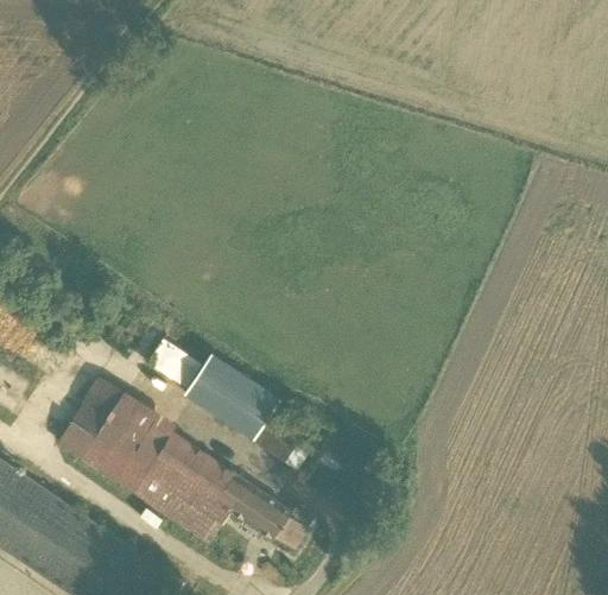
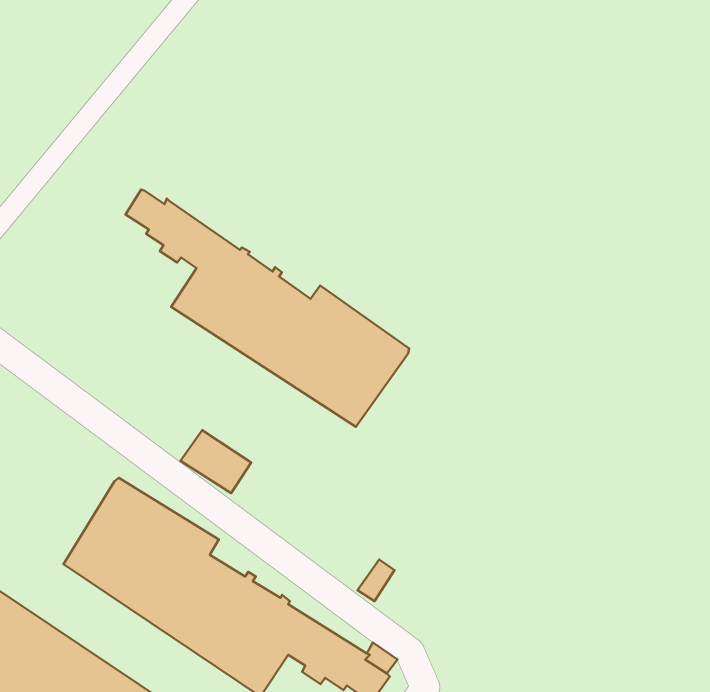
building: none -> [126,189,409,427]
building: [183,353,279,439] -> none

